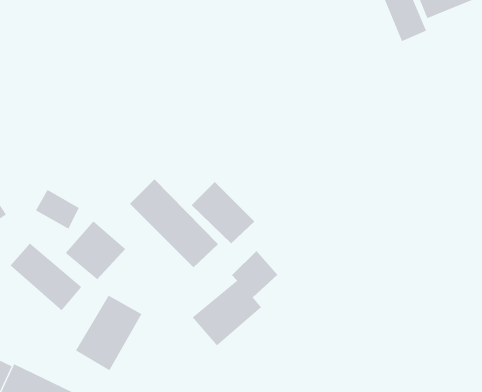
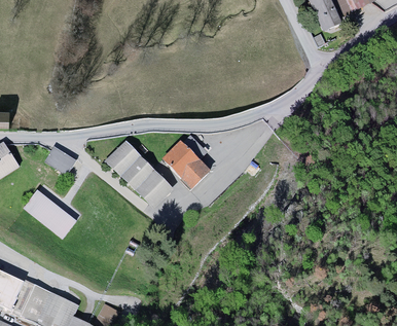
building: [65,220,126,280] -> none
building: [192,250,278,346] -> none
building: [75,295,142,371] -> none

